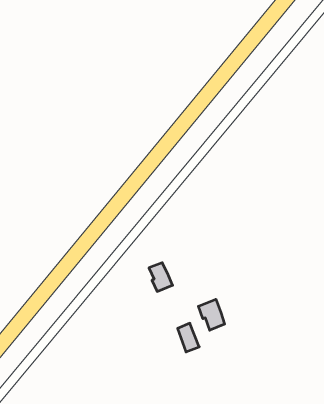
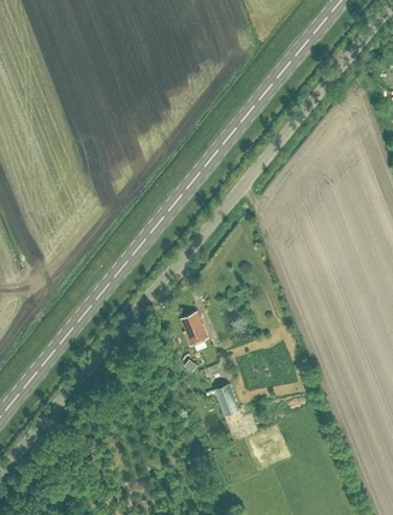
building: [198,299,225,330] -> none

